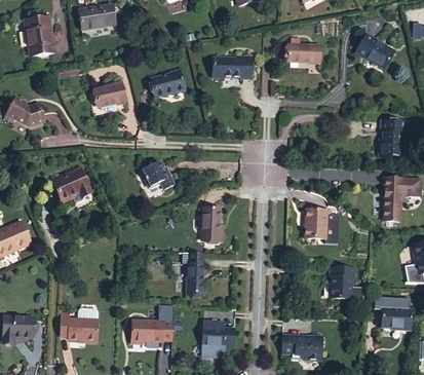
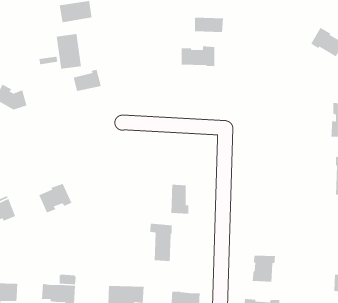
building: [25,16,53,57] -> [56,33,82,70]
building: [286,44,319,62] -> [194,17,224,33]
building: [150,71,184,97] -> none
building: [140,161,174,189] -> none
building: [52,167,90,201] -> [38,183,72,213]
building: [304,209,327,238] -> none
building: [329,267,355,298] -> [252,255,276,283]

